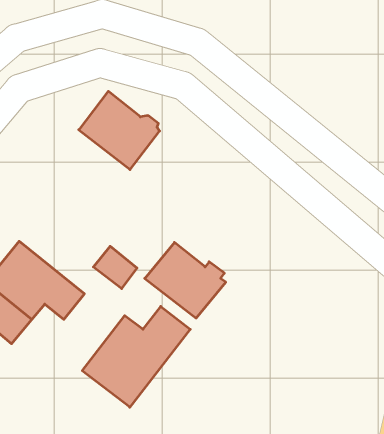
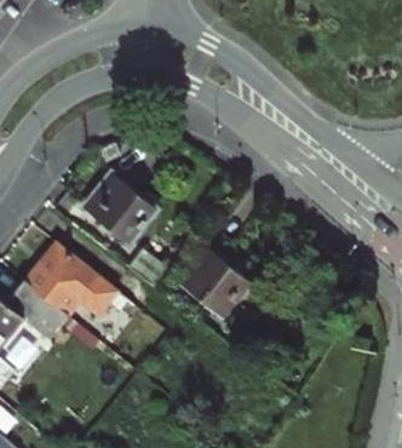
building: [79,91,160,170] -> [82,172,159,246]
building: [82,306,190,407] -> none

